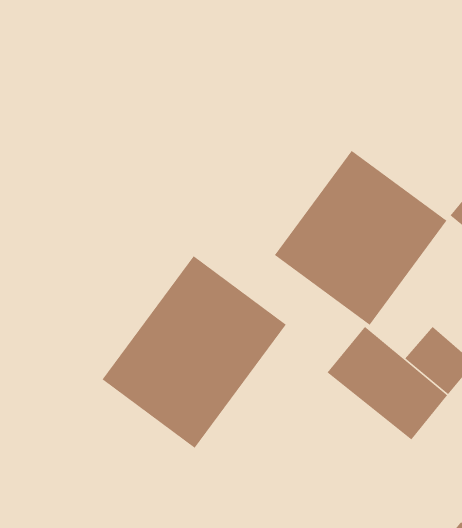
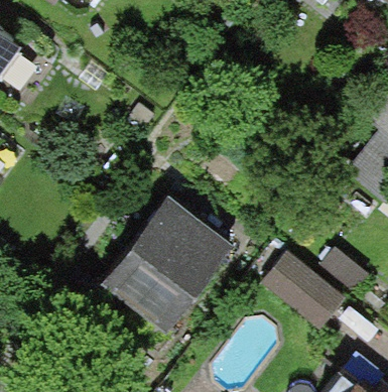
building: [274,150,448,326] -> none

